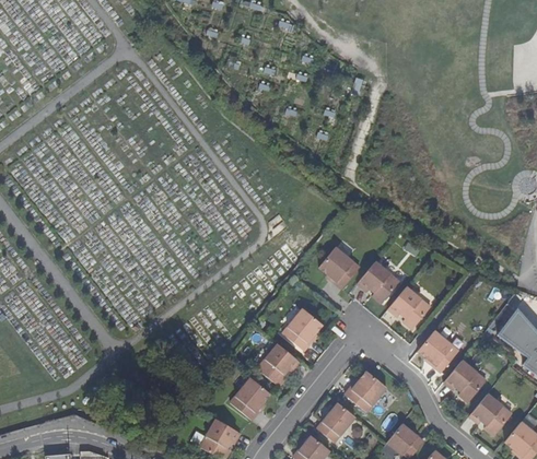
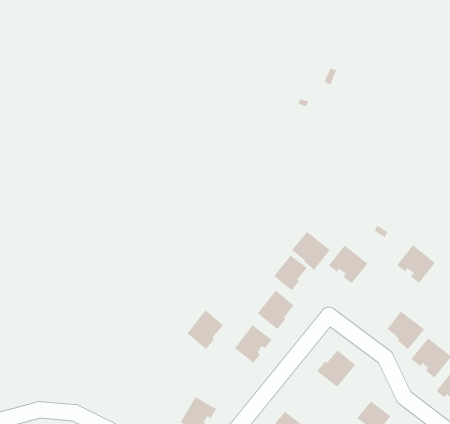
building: none -> [273,254,308,291]
building: [388,287,430,329] -> [396,244,436,284]
building: [231,378,270,421] -> [186,309,224,350]
building: [317,403,354,443] -> none

